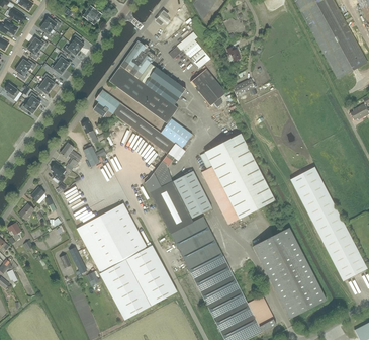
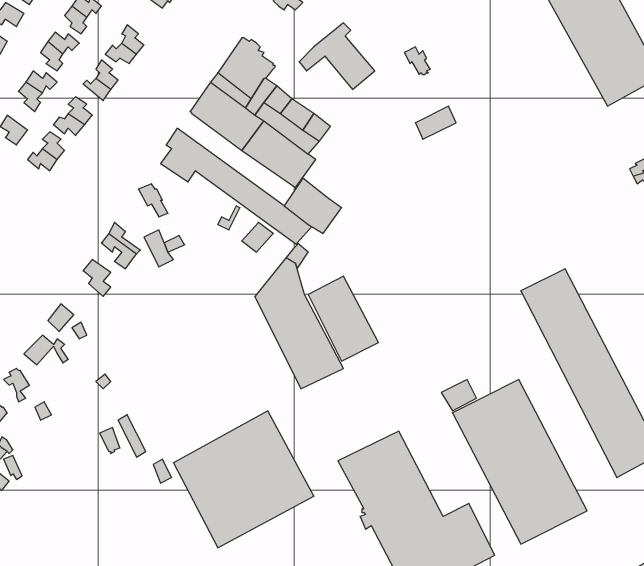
building: [189,68,223,106] -> none
building: [199,133,274,223] -> none
building: [75,202,146,270] -> none
building: [169,215,222,271] -> none

